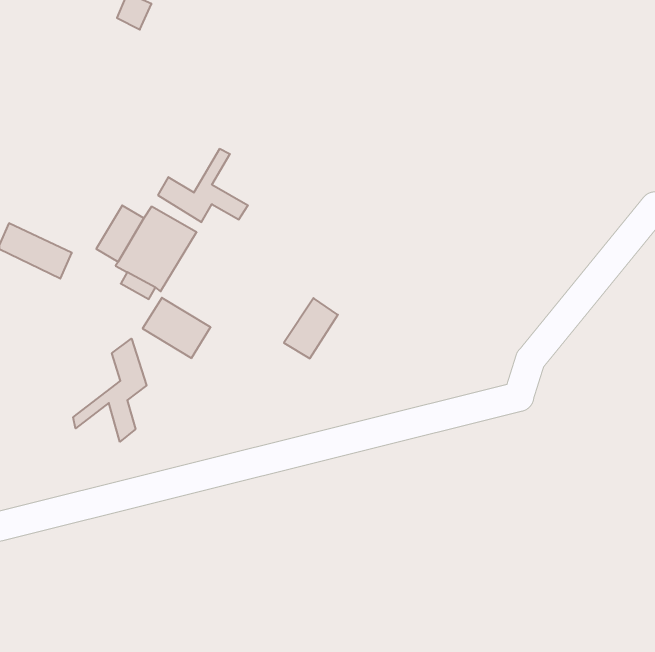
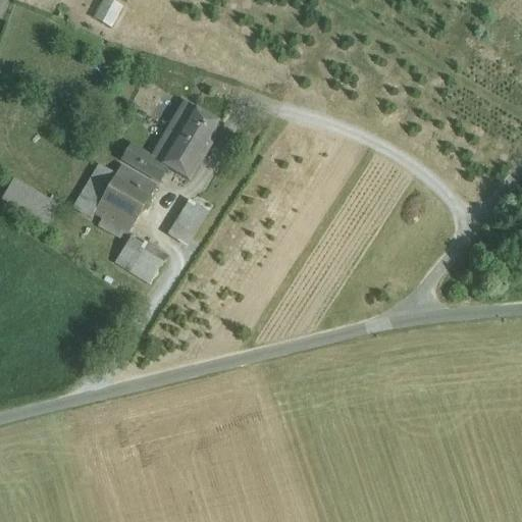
building: none -> [168,106,220,163]
building: [284,298,338,358] -> [164,199,207,247]
building: [73,339,147,442] -> none

